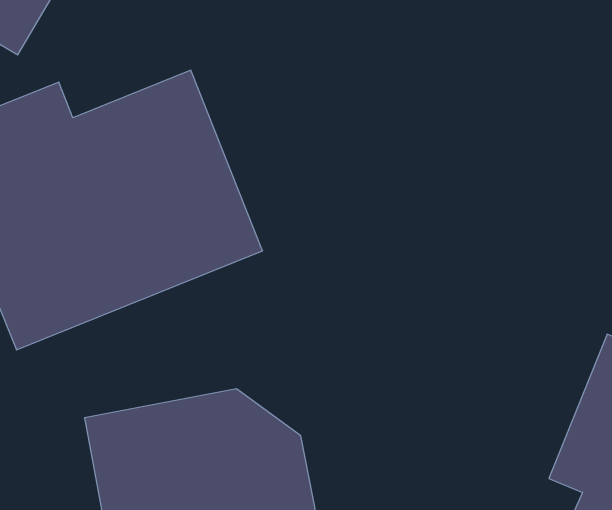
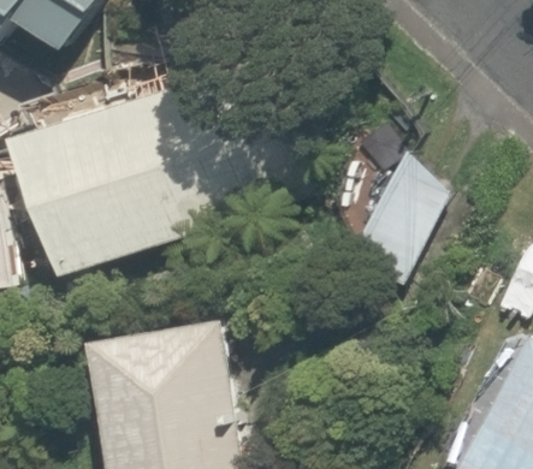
building: none -> [327,149,455,287]

